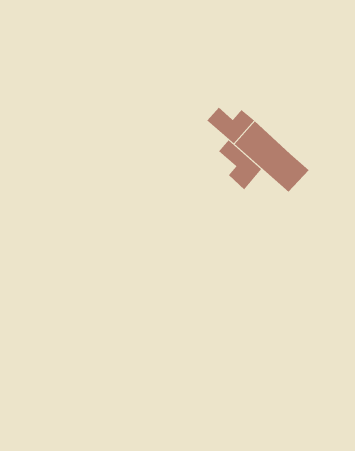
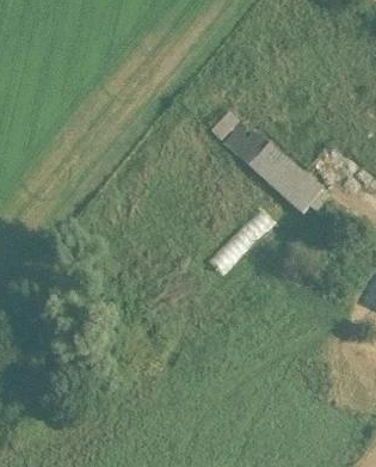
building: [218,139,262,190] -> none

